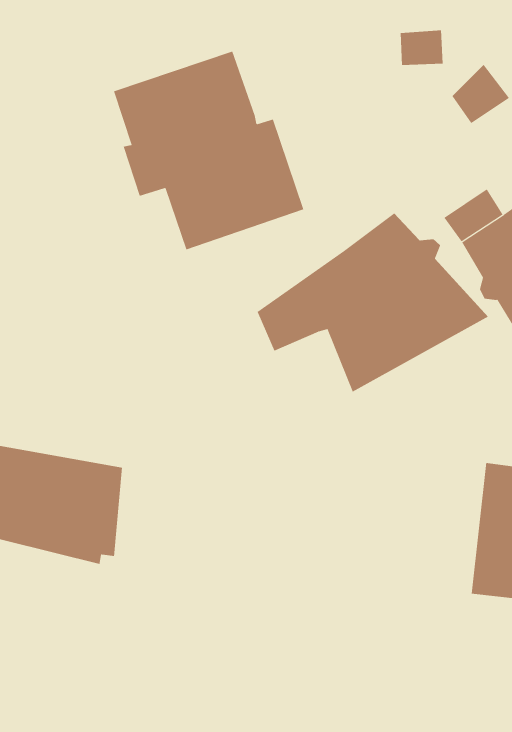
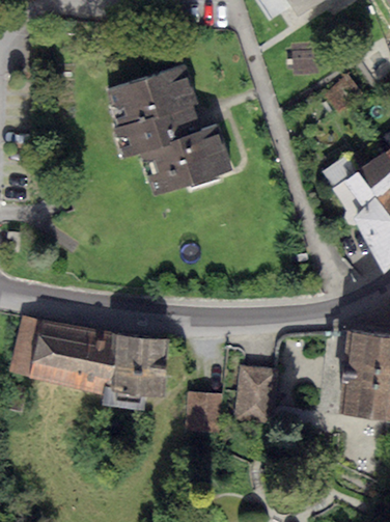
building: [257,213,489,393] -> none
building: none -> [110,332,168,401]
building: none -> [235,366,277,420]
building: none -> [185,392,221,433]

